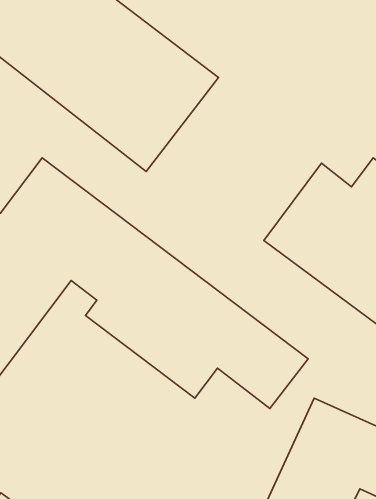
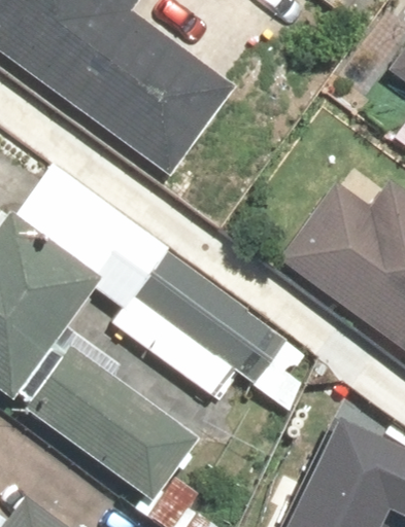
building: none -> [26,350,194,502]

